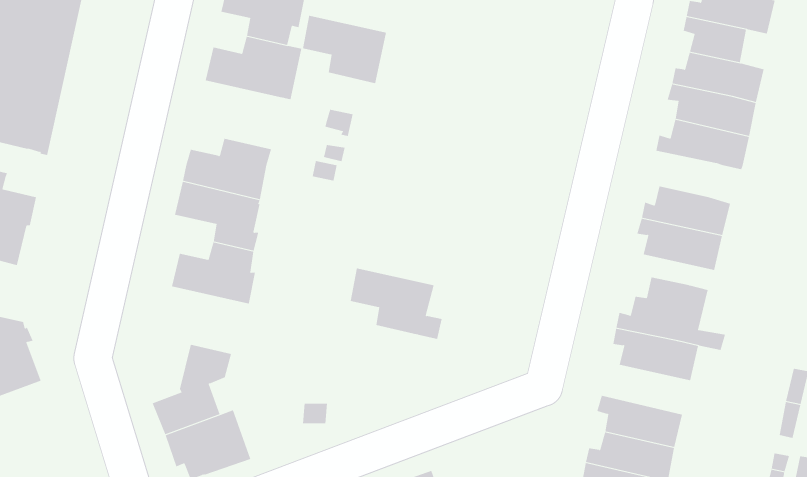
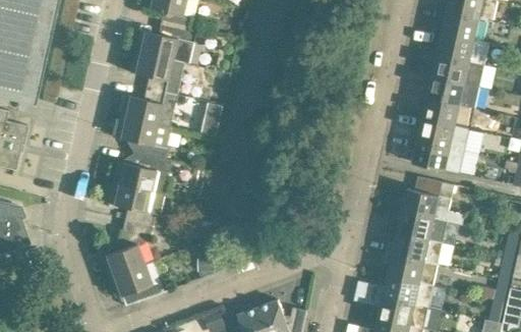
building: [302,15,387,84] -> [130,52,184,96]
building: none -> [419,97,460,126]
building: [350,268,443,340] -> [109,183,168,229]
building: none -> [387,233,444,265]

